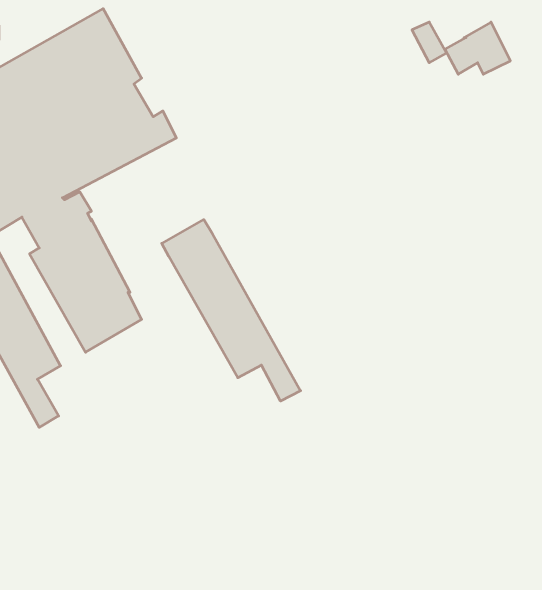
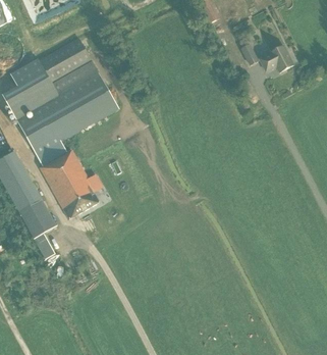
building: [162,220,301,401] -> none

